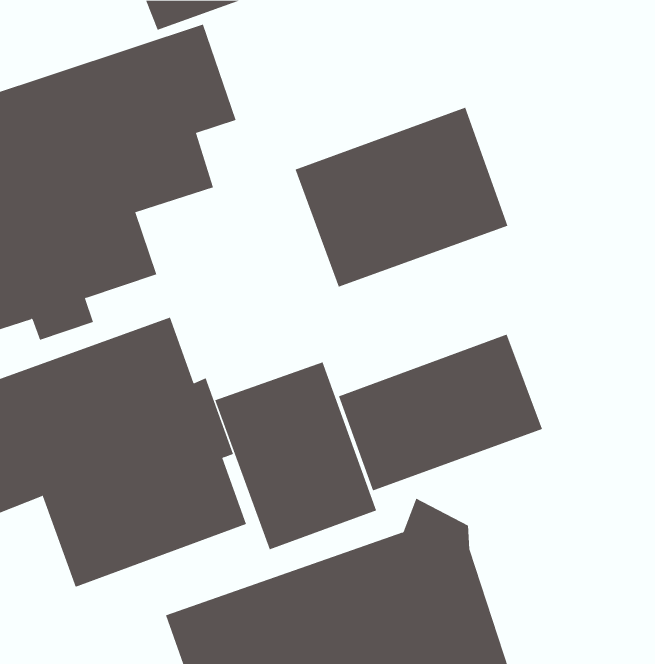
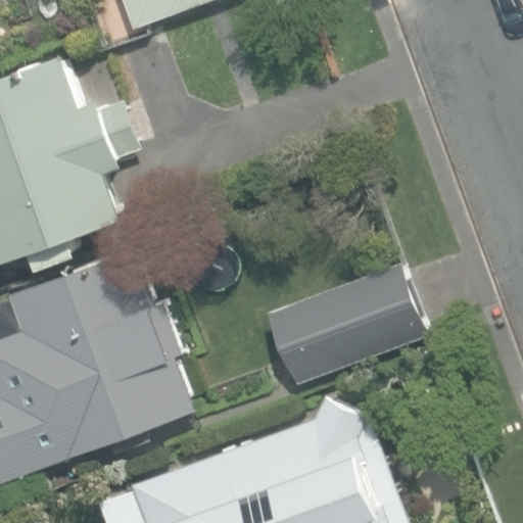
building: [295,107,508,287] -> none
building: [215,361,377,550] -> none

